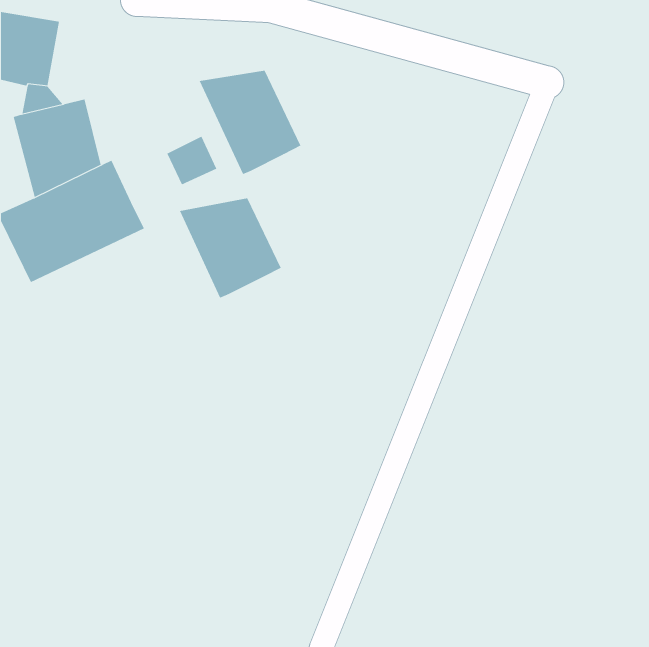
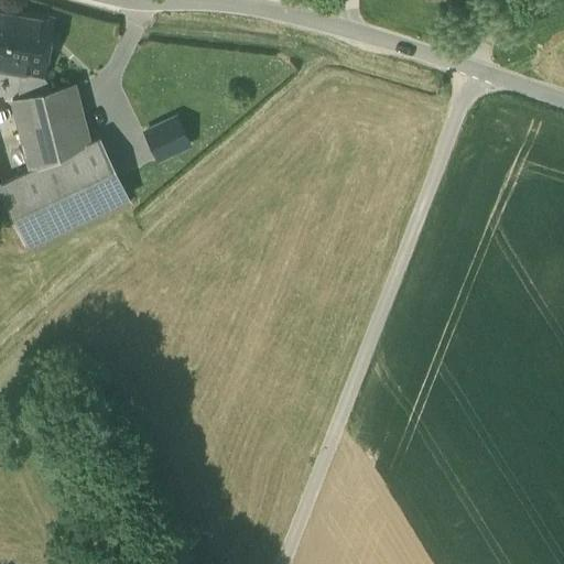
building: [199,70,301,175] -> none
building: [179,197,281,299] -> none

